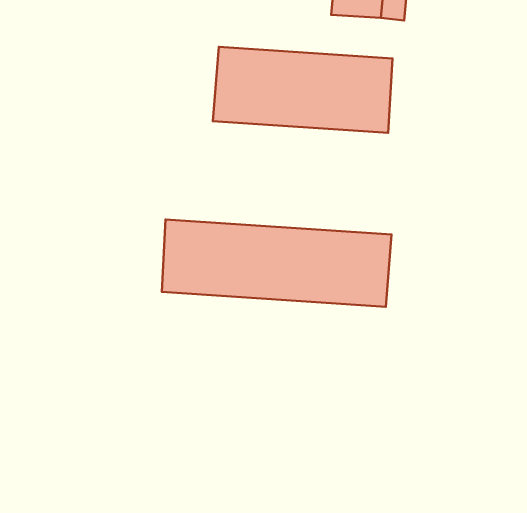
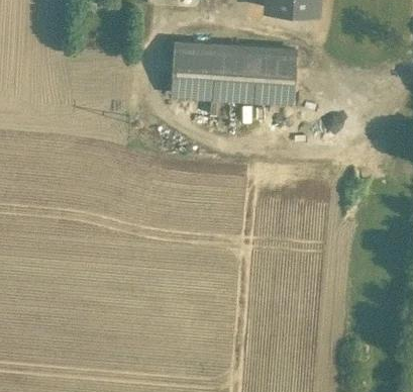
building: [162,219,392,307] -> none

